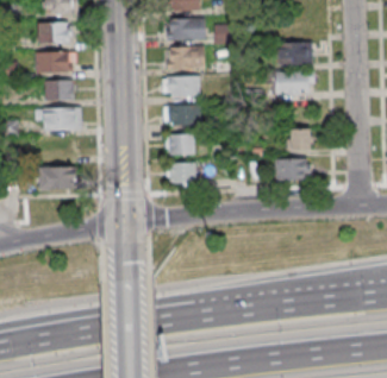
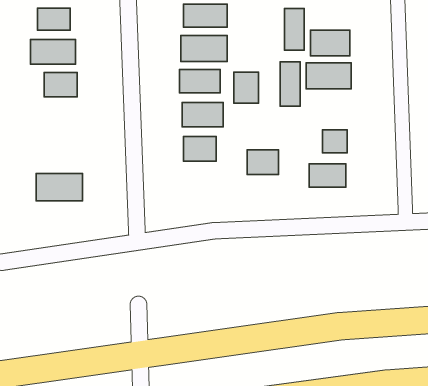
building: none -> [285,9,304,50]
building: none -> [280,62,300,106]
building: none -> [234,72,258,103]
building: [43,106,81,130] -> none
building: [168,164,195,185] -> [247,150,279,175]

